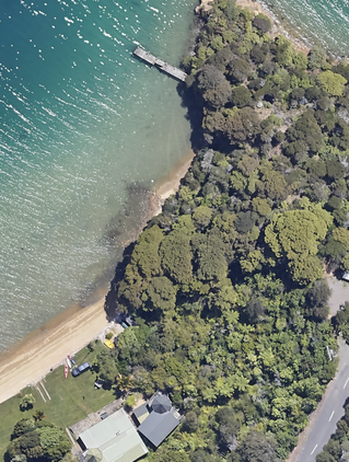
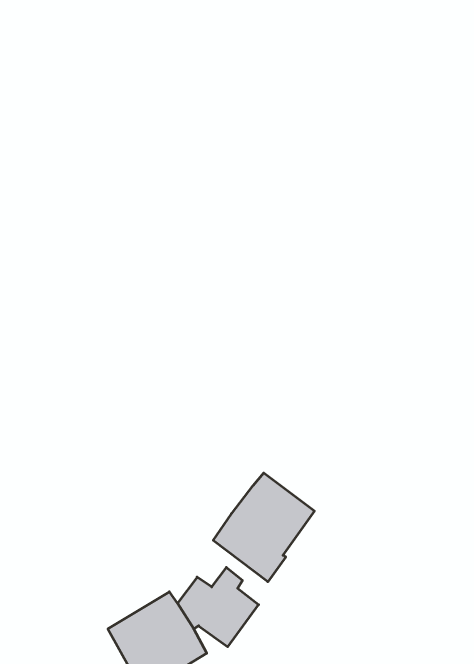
building: none -> [213,473,314,582]

